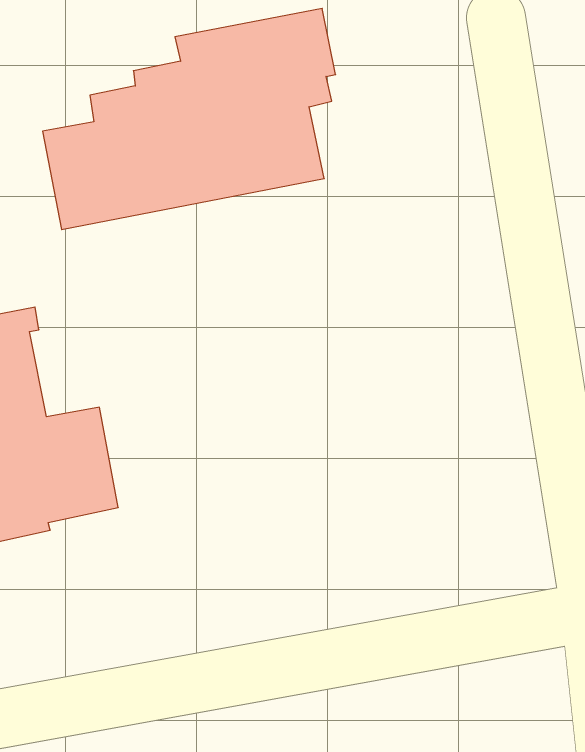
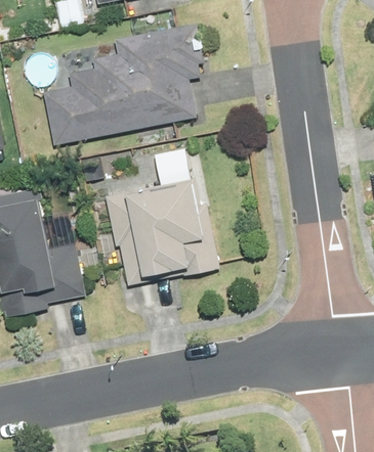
building: none -> [107,179,219,285]

